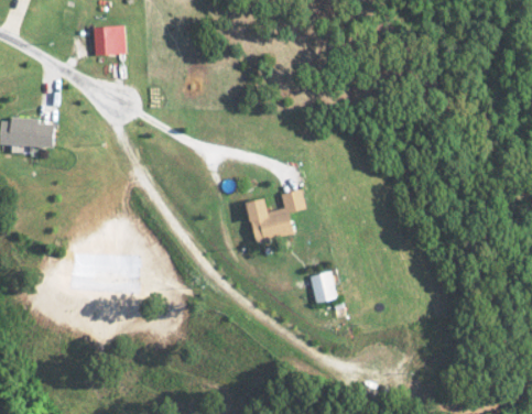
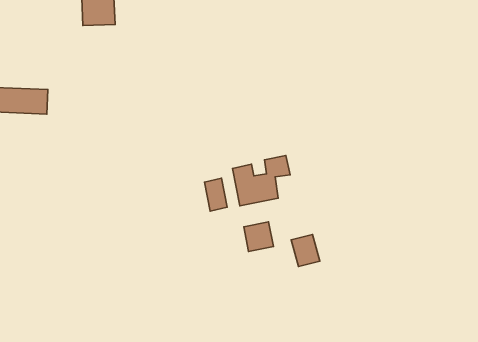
building: none -> [204,178,227,211]
building: none -> [244,222,273,251]

